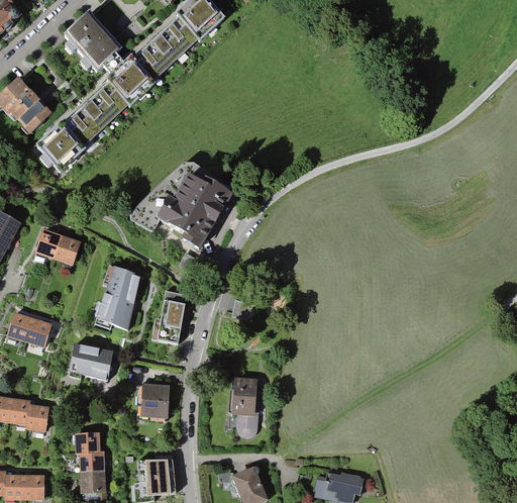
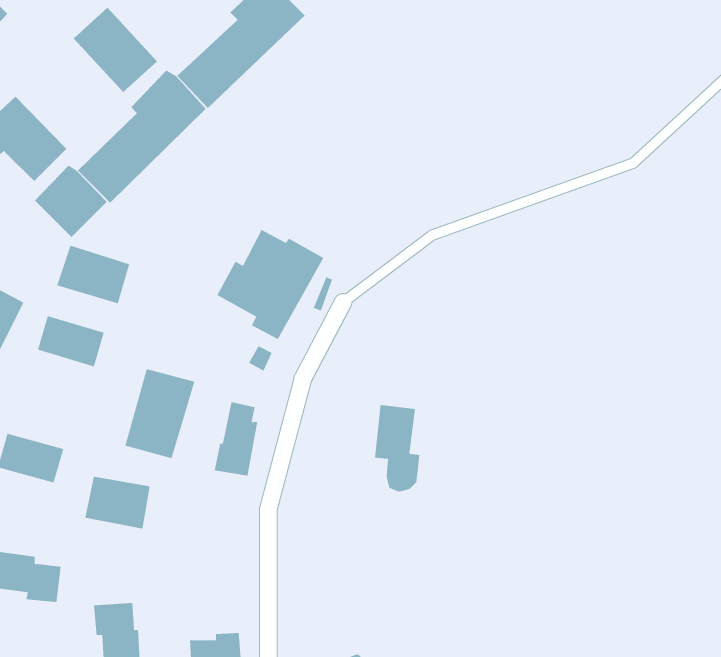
building: none -> [56,245,130,304]
building: [227,377,260,438] -> [374,405,420,492]
building: [139,382,172,416] -> none

